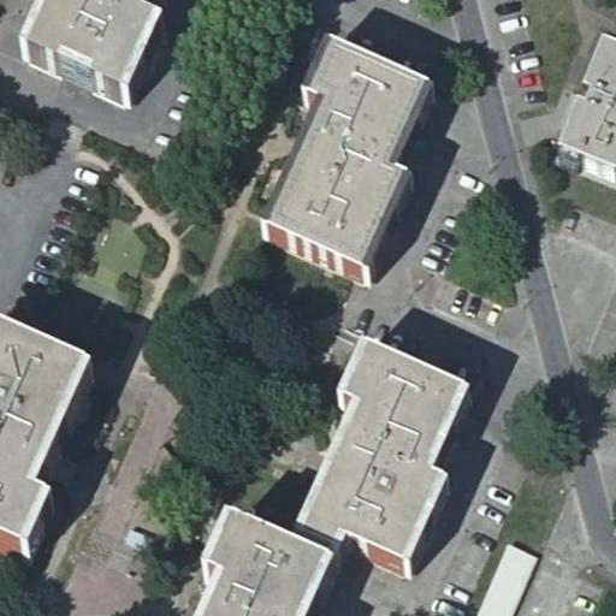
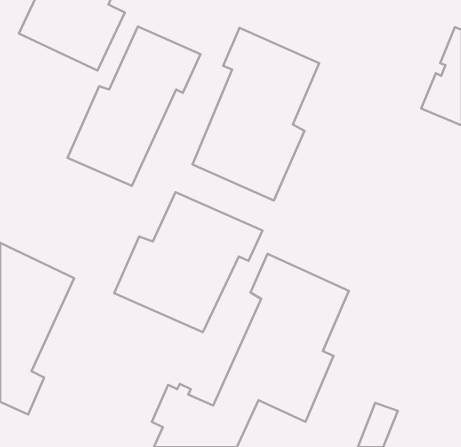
building: none -> [67,27,200,186]
building: none -> [114,192,262,332]

